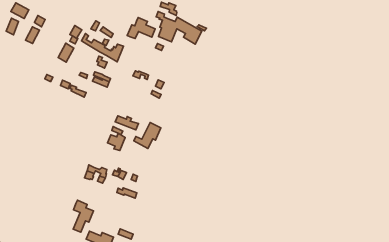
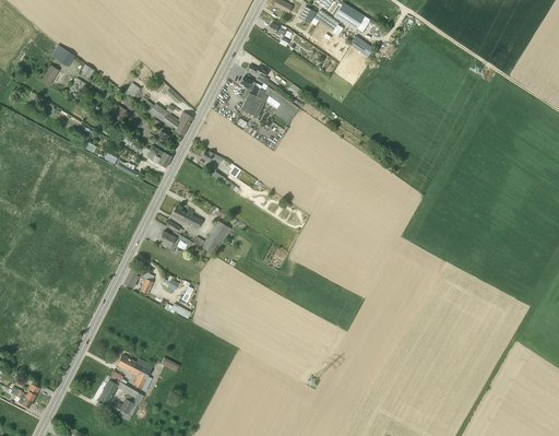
building: [127,18,155,39] -> none
building: [73,200,93,232] -> none

